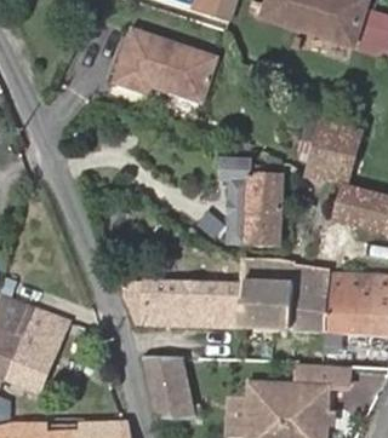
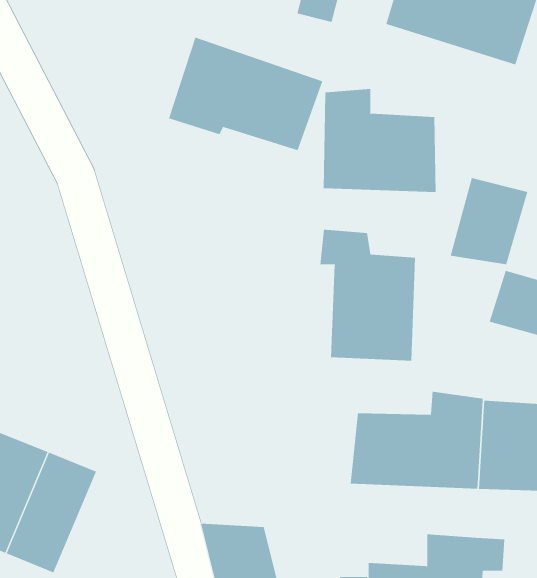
building: none -> [323,88,436,193]
building: [142,278,244,329] -> none

